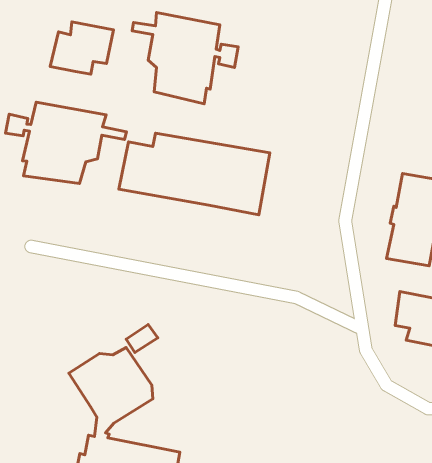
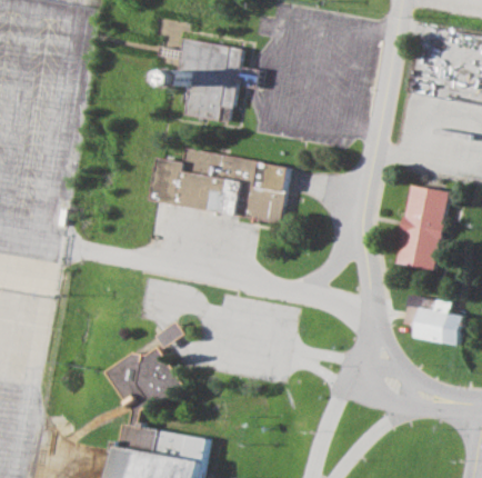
building: [50,22,113,74] -> none
building: [5,102,126,184] -> none

